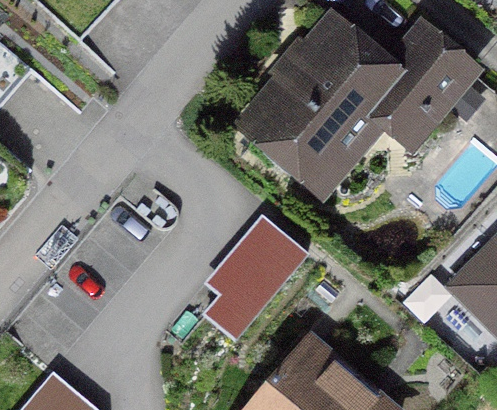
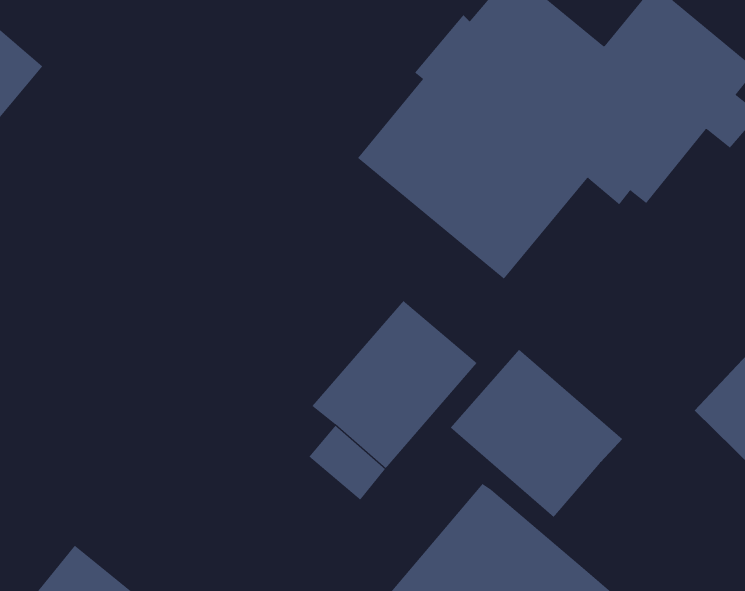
building: none -> [450,349,623,518]

